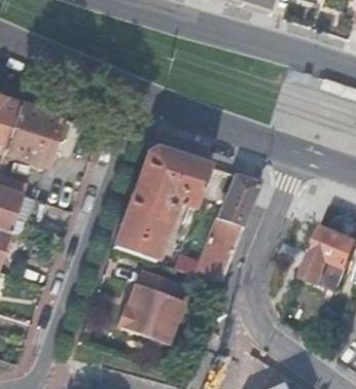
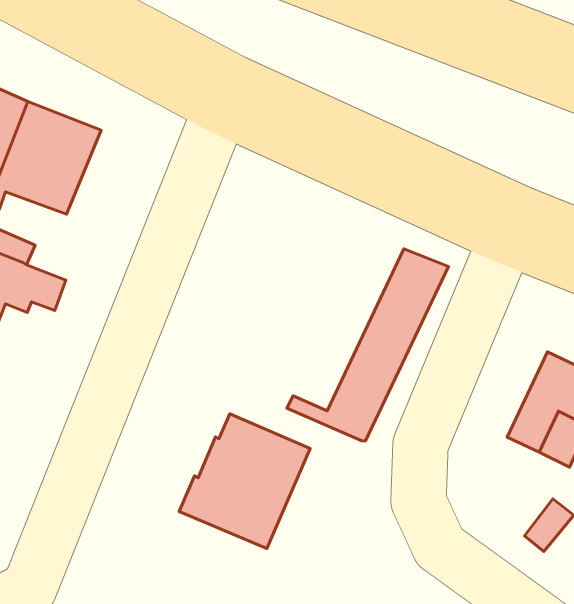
building: [115,145,212,258] -> none

